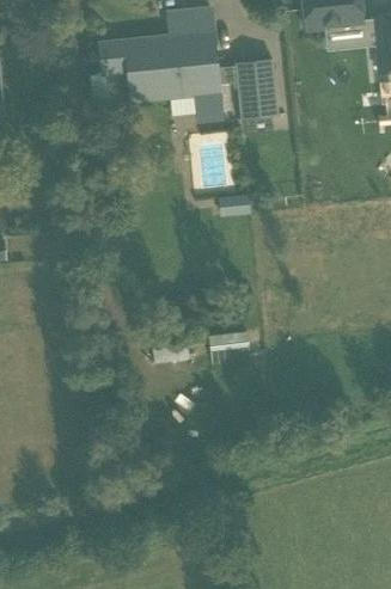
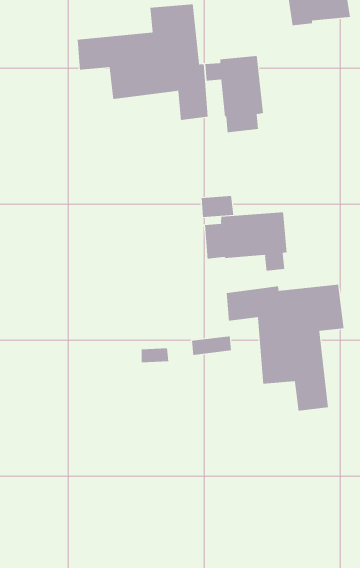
building: none -> [205,211,287,272]
building: none -> [226,284,344,412]

